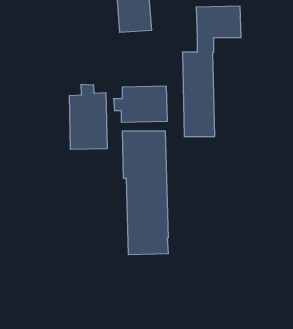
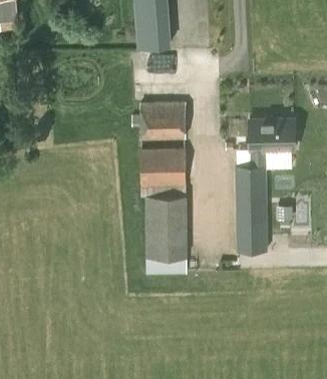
building: [182,6,241,137] -> [235,119,295,253]
building: [69,84,107,149] -> none

